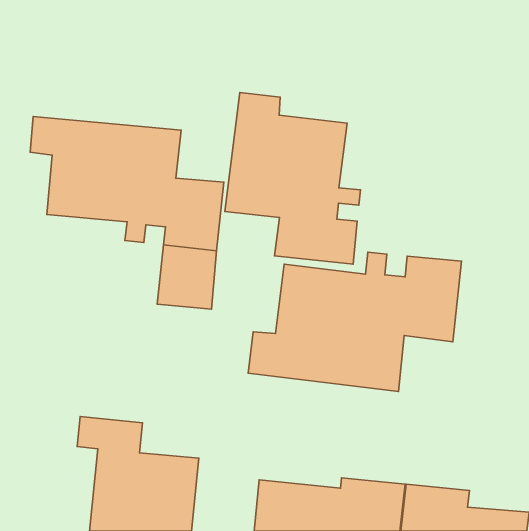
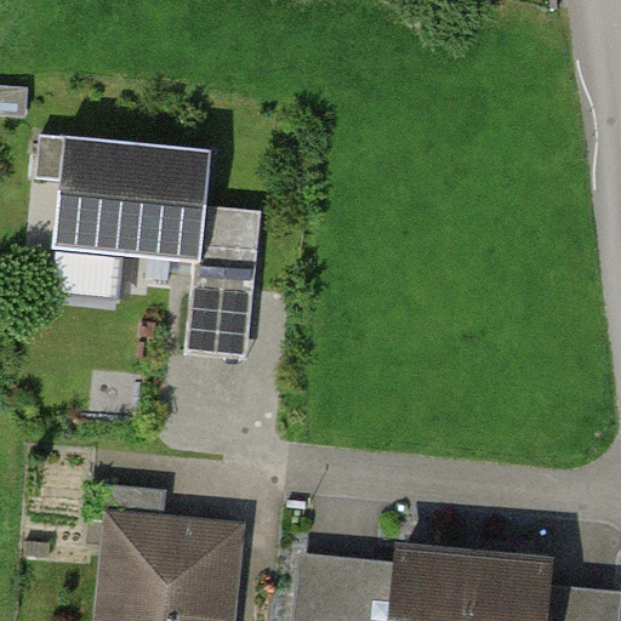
building: [225,92,360,264] -> none
building: [248,252,461,392] -> none

